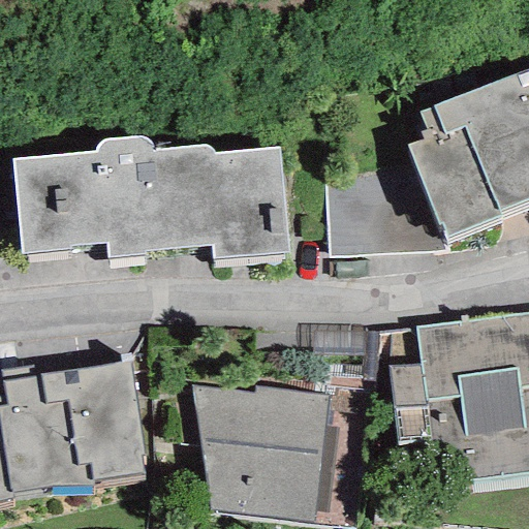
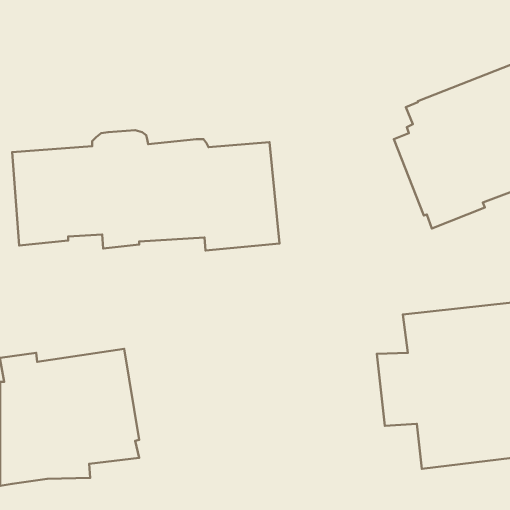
building: [192,385,328,522] -> none

